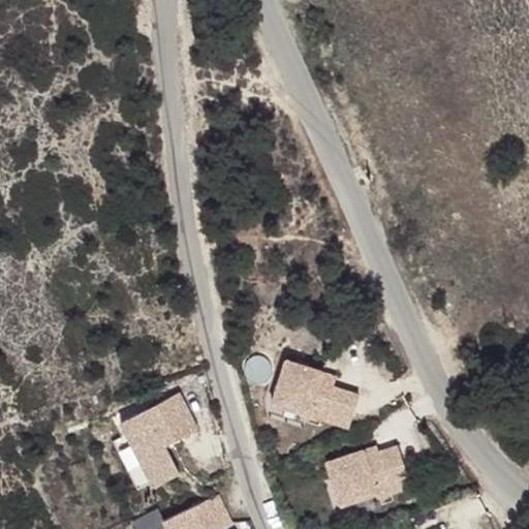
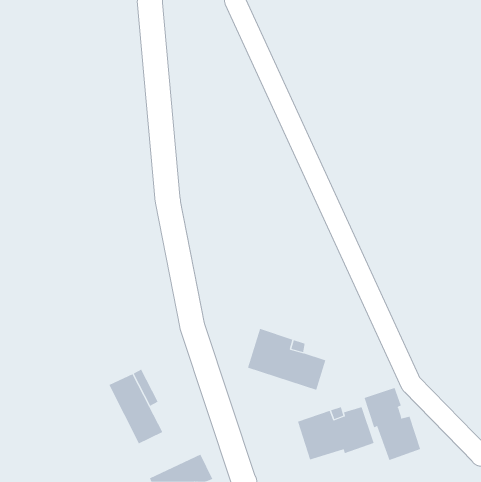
building: [155,393,196,440] -> none
building: none -> [364,387,421,461]

